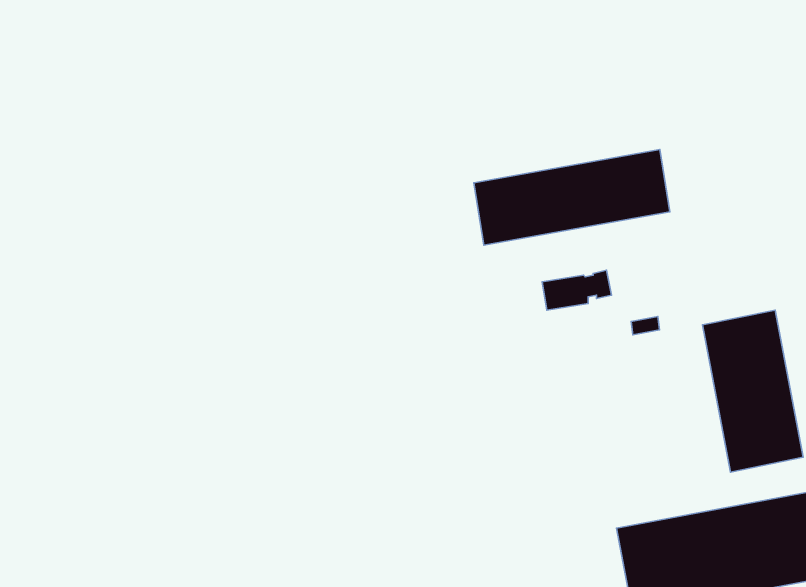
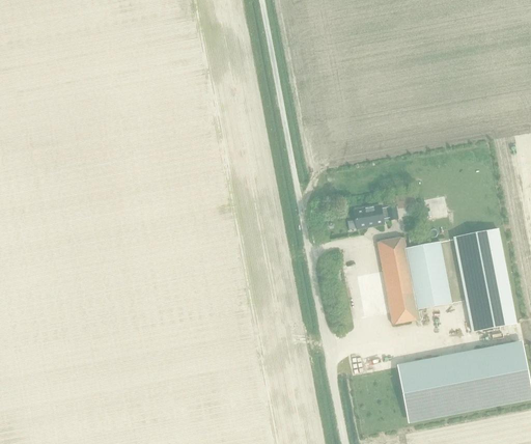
building: [474,150,670,245] -> none
building: none -> [375,235,450,323]

